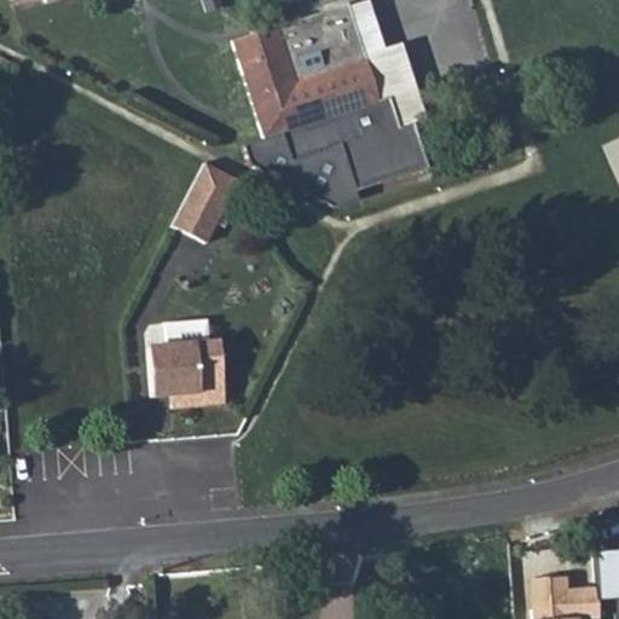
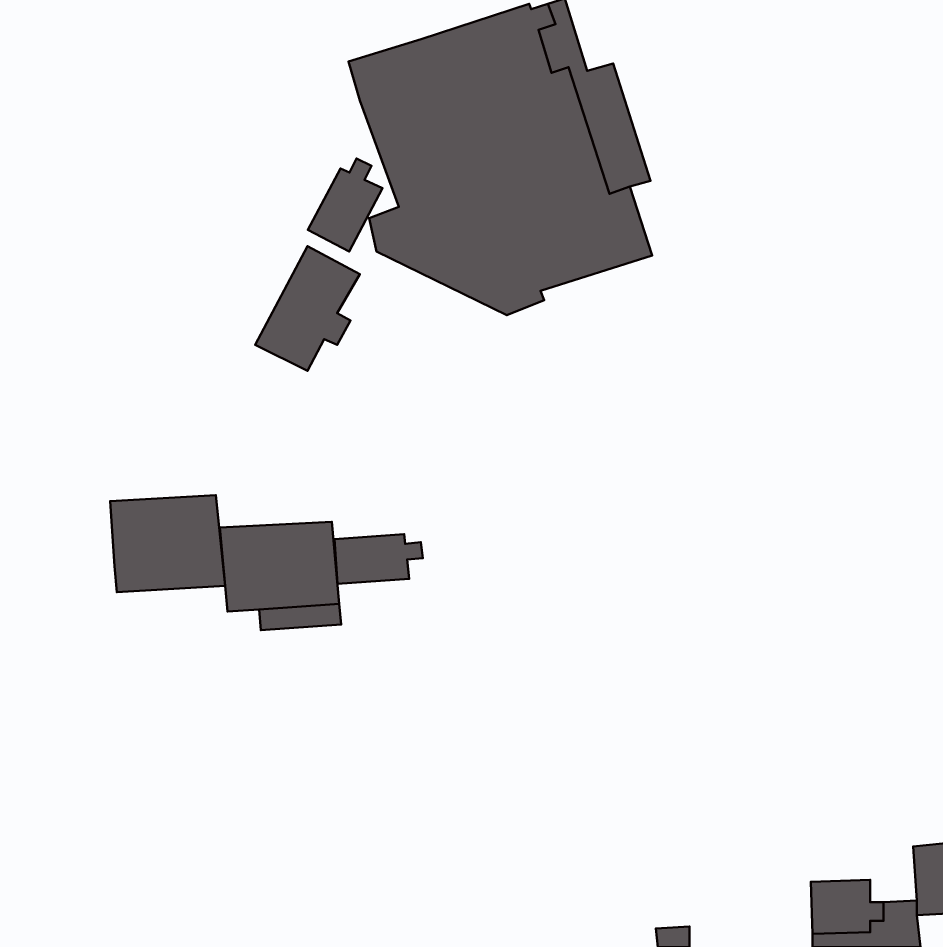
building: none -> [308,159,382,252]
building: none -> [110,495,225,592]
building: none -> [334,534,423,584]

